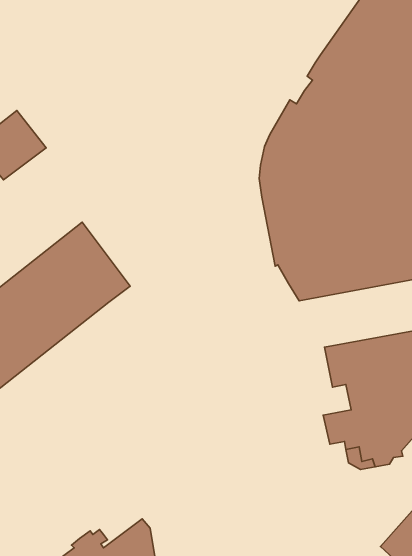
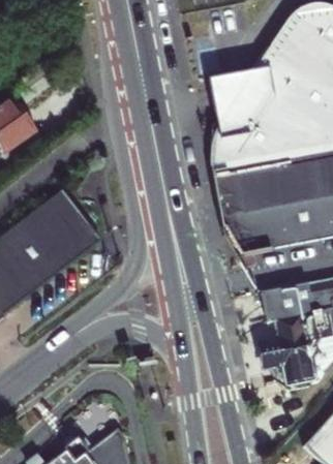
building: none -> [208,67,252,123]

